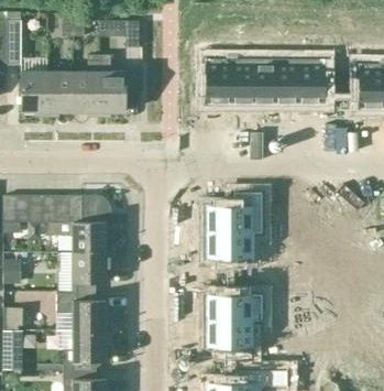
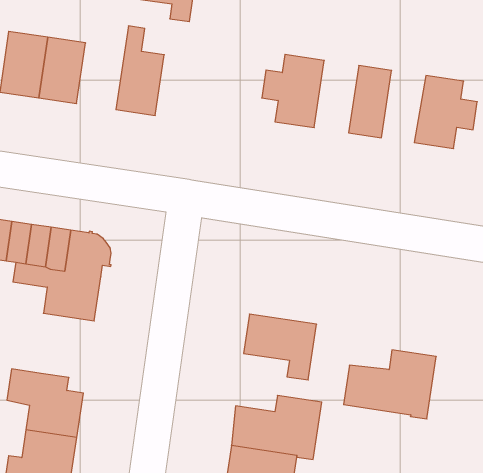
building: [73,56,99,112] -> none
building: [231,59,254,105] -> none
building: [276,59,299,105] -> none
building: [207,193,263,235] -> [344,350,436,419]
building: [56,253,106,293] -> none

